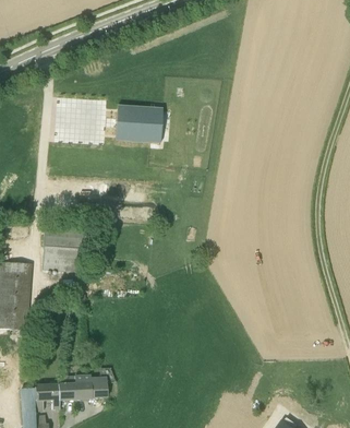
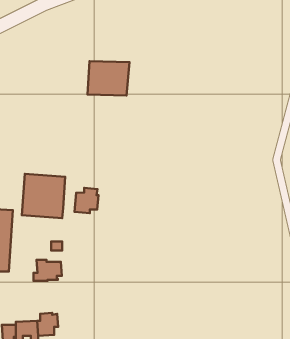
building: none -> [75,188,98,213]
building: [77,377,108,400] -> [34,260,62,281]

